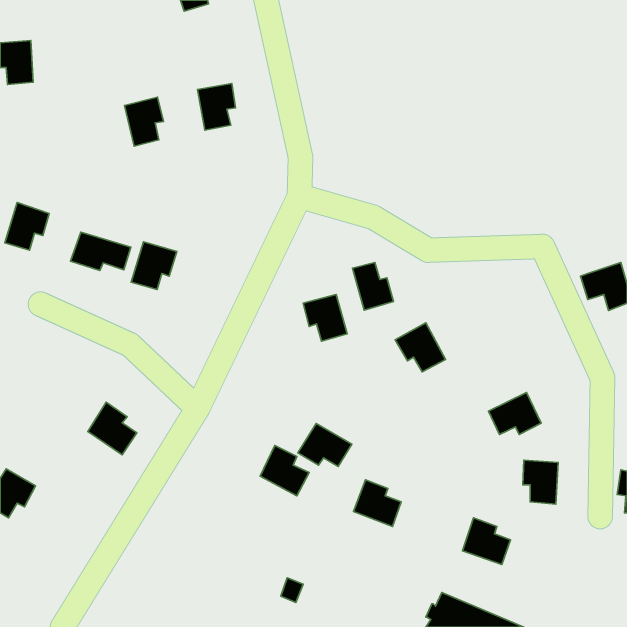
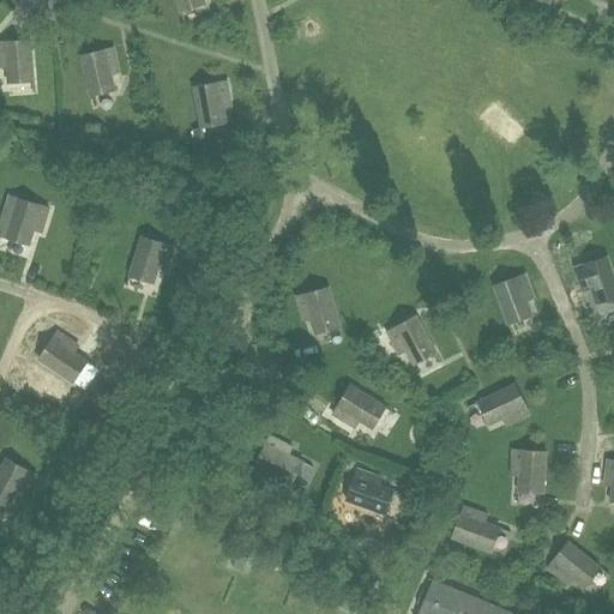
building: [124,97,164,146] -> [80,48,119,96]
building: [71,232,131,270] -> none
building: [352,262,394,310] -> none
building: none -> [493,273,532,324]
building: [88,402,137,455] -> [38,331,86,383]
building: [298,423,352,466] -> [332,386,385,428]
building: none -> [547,542,600,588]

